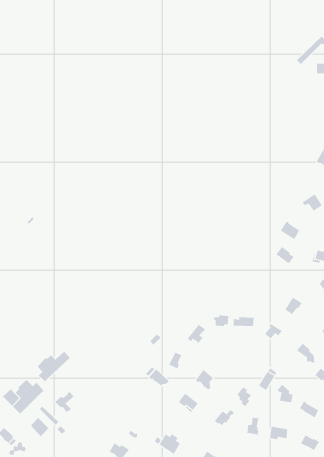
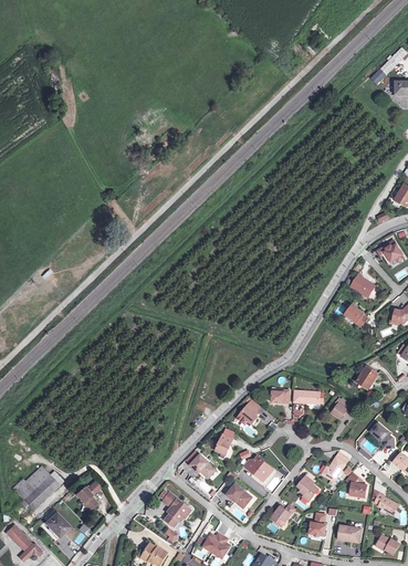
building: [37,351,71,382] -> none
building: none -> [163,492,190,525]

